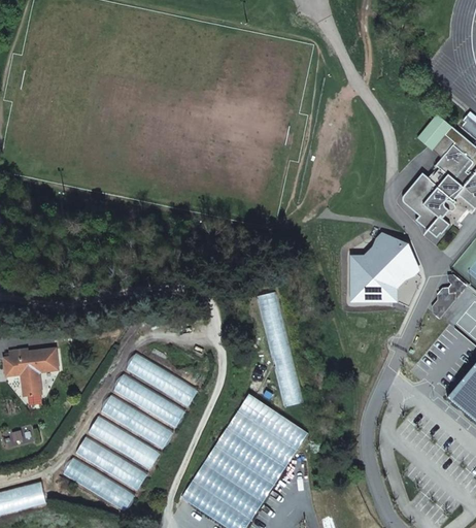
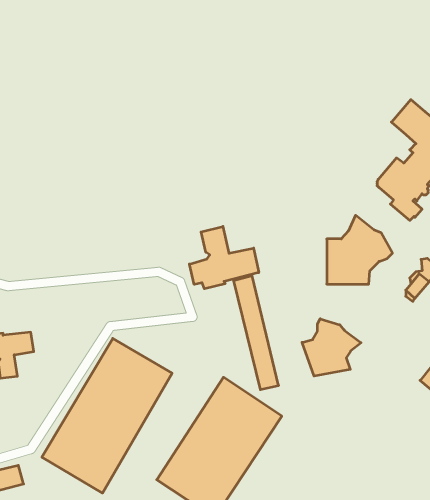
building: none -> [189,226,259,289]
building: none -> [302,319,361,376]

